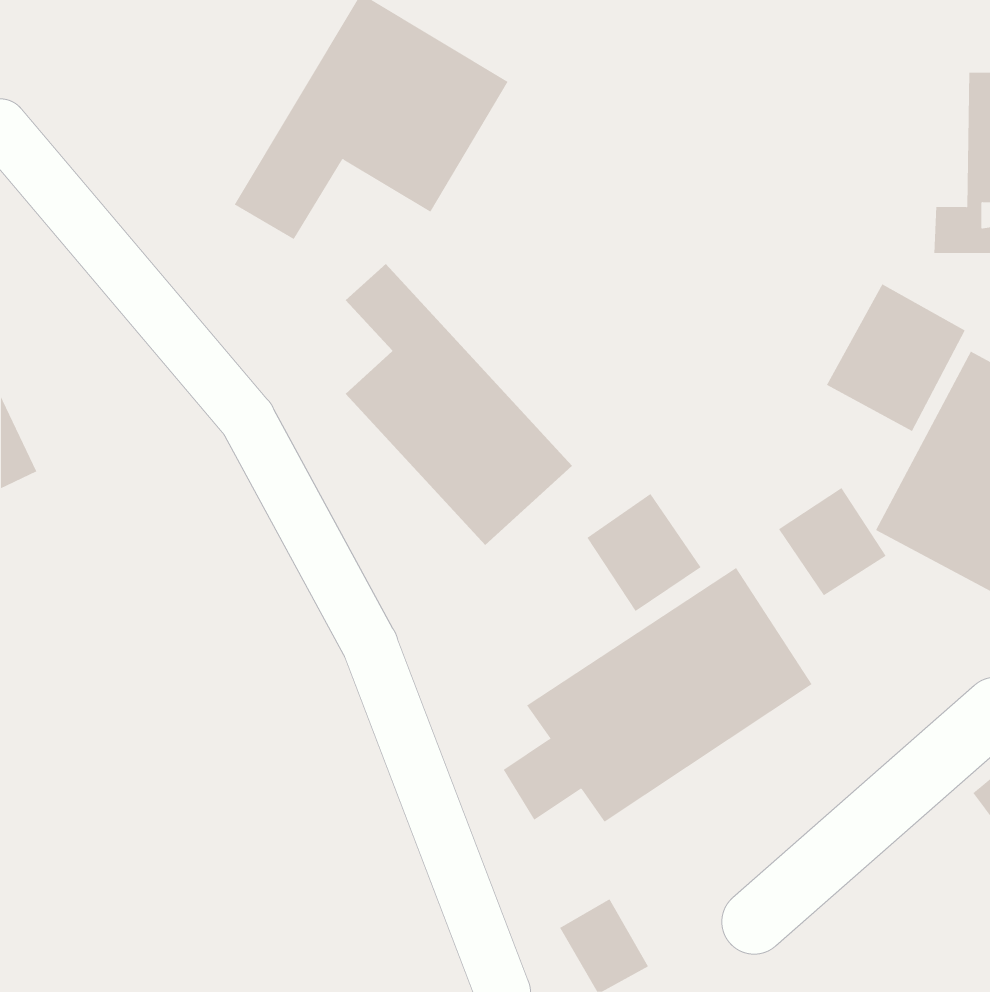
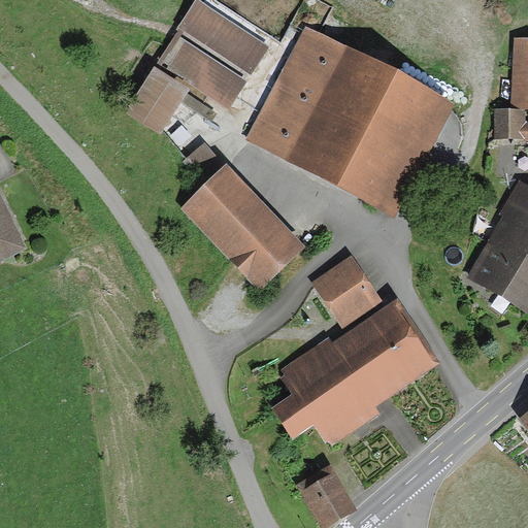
building: none -> [248,30,444,211]
building: [826,283,966,432] -> none
building: [778,487,886,596] -> none

